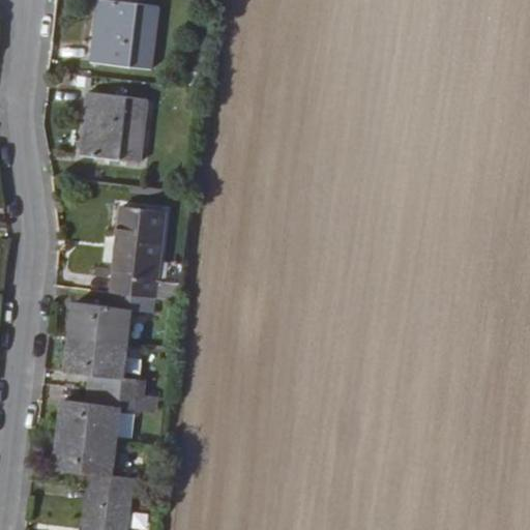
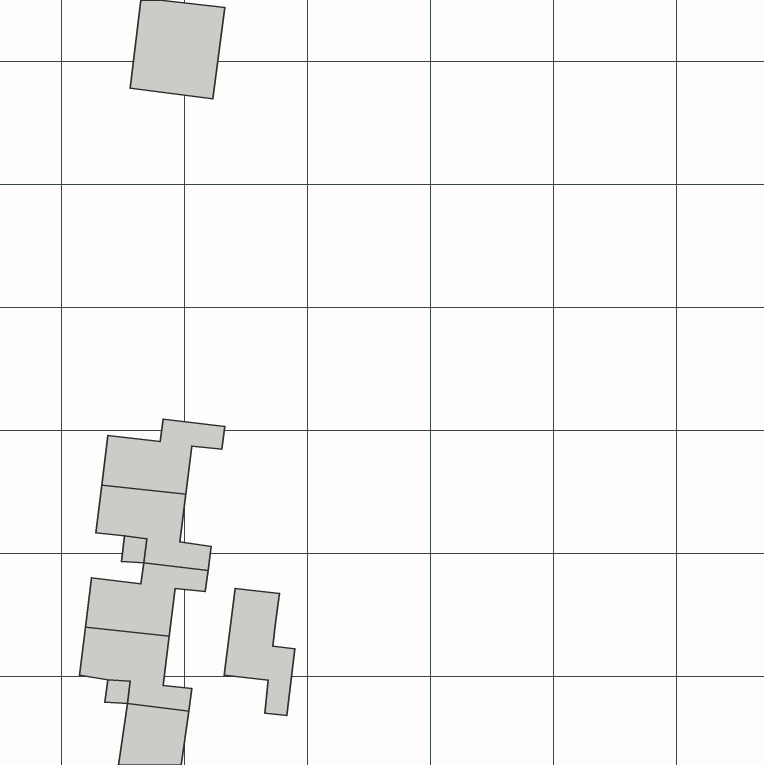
building: [79,92,144,161] -> none
building: [113,204,166,295] -> none
building: none -> [224,588,295,715]

